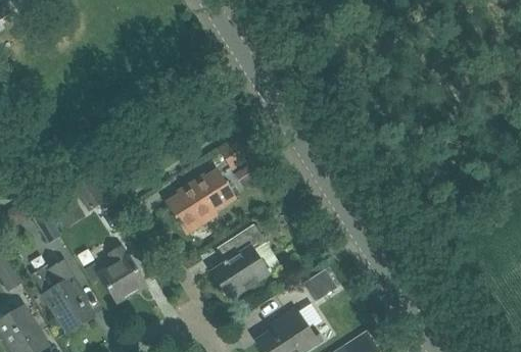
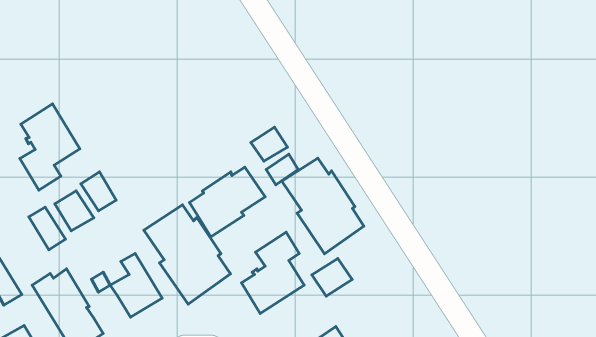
building: none -> [20,104,80,190]
building: none -> [282,158,364,254]
building: none -> [144,205,230,304]
building: [302,268,337,301] -> [312,258,352,296]

